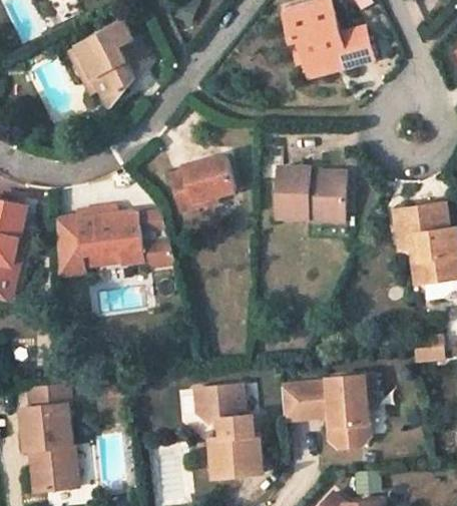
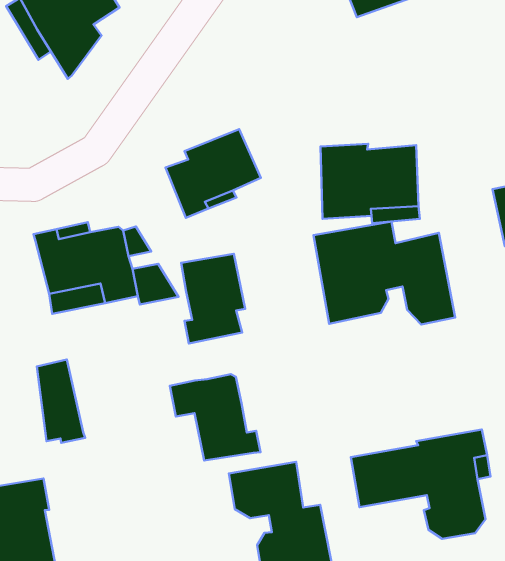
building: [54,216,83,274] -> [37,360,85,443]
building: none -> [313,221,455,325]
building: none -> [181,254,245,344]
building: none -> [170,374,260,461]

